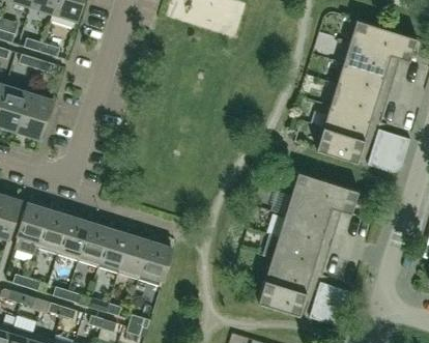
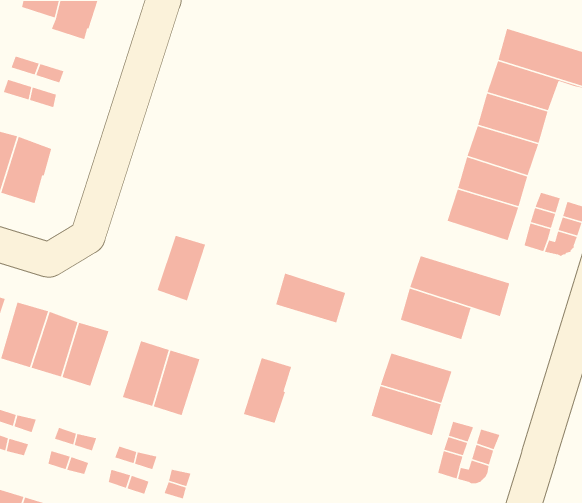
building: [279,216,326,250] -> [275,272,346,323]
building: [78,223,111,267] -> [157,235,206,301]
building: [139,241,172,286] -> [243,357,292,424]
building: [258,280,307,315] -> none

